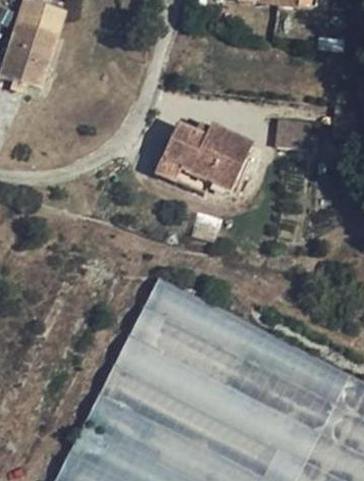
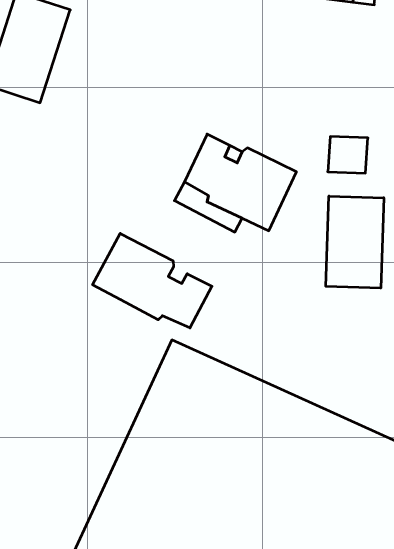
building: none -> [326,196,384,288]
building: none -> [93,233,212,328]

